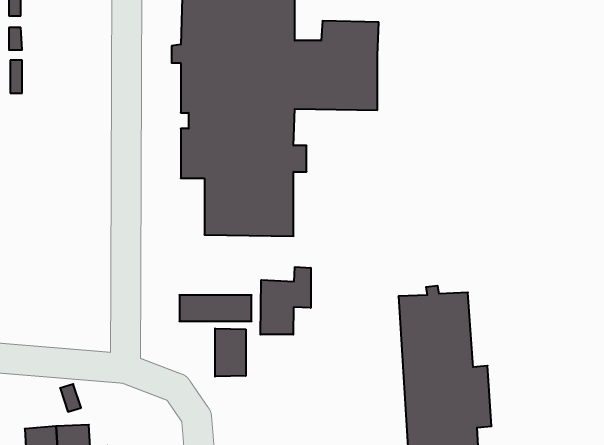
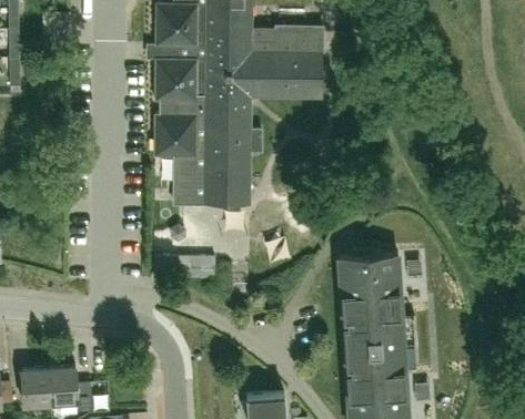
building: [260,267,311,335] -> none
building: [215,328,246,377] -> none

